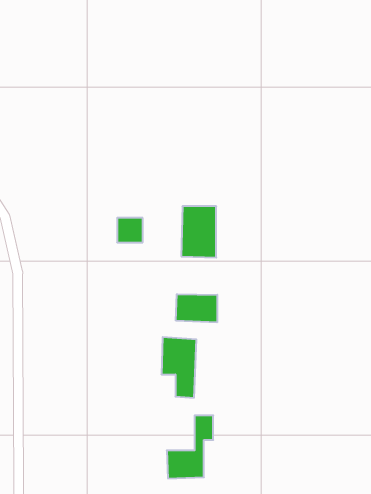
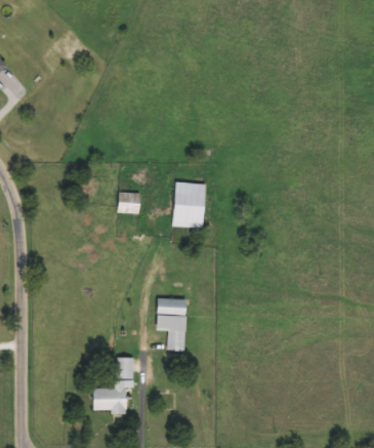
building: [176,294,217,322] -> none
building: [167,415,213,478] -> [92,357,133,412]

